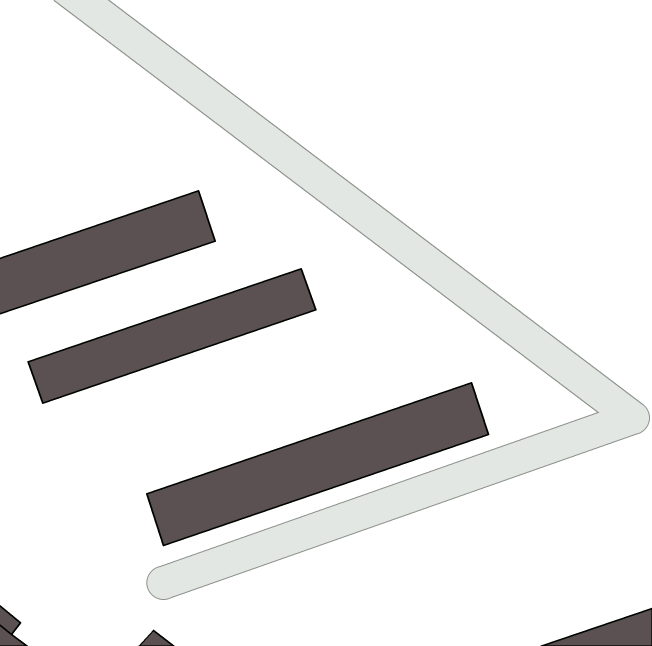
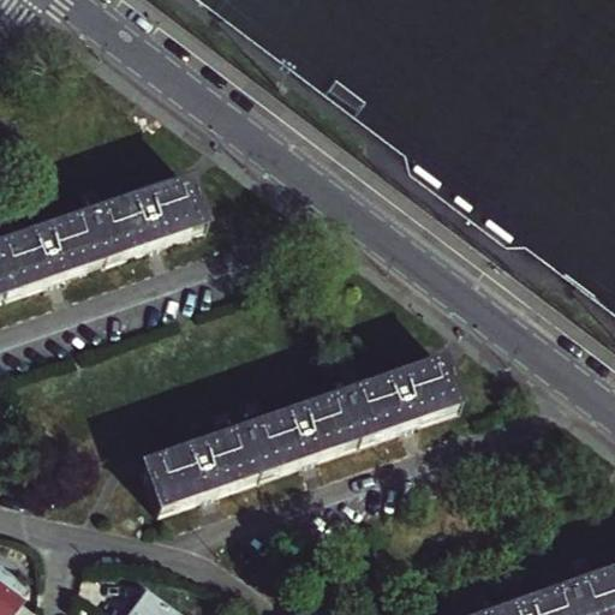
building: [28,269,316,403] -> none

